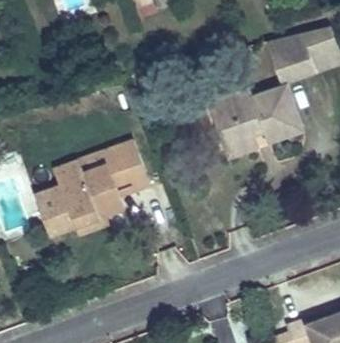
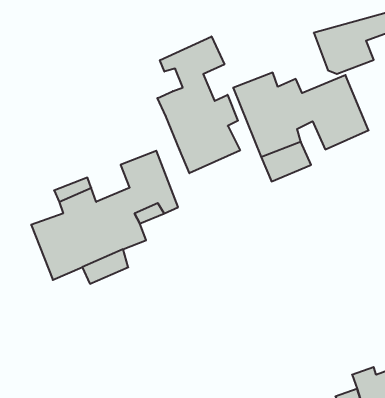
building: none -> [157,36,240,173]

